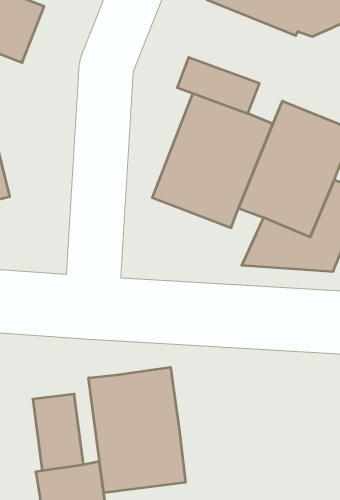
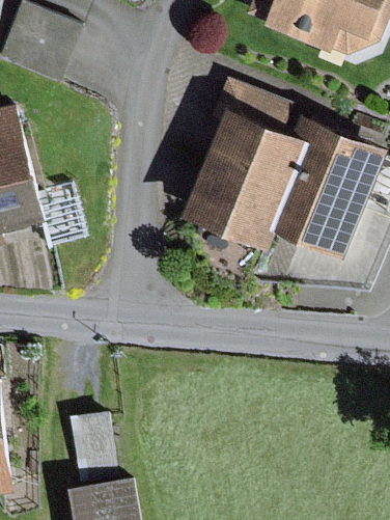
building: [89,367,185,493] -> none

